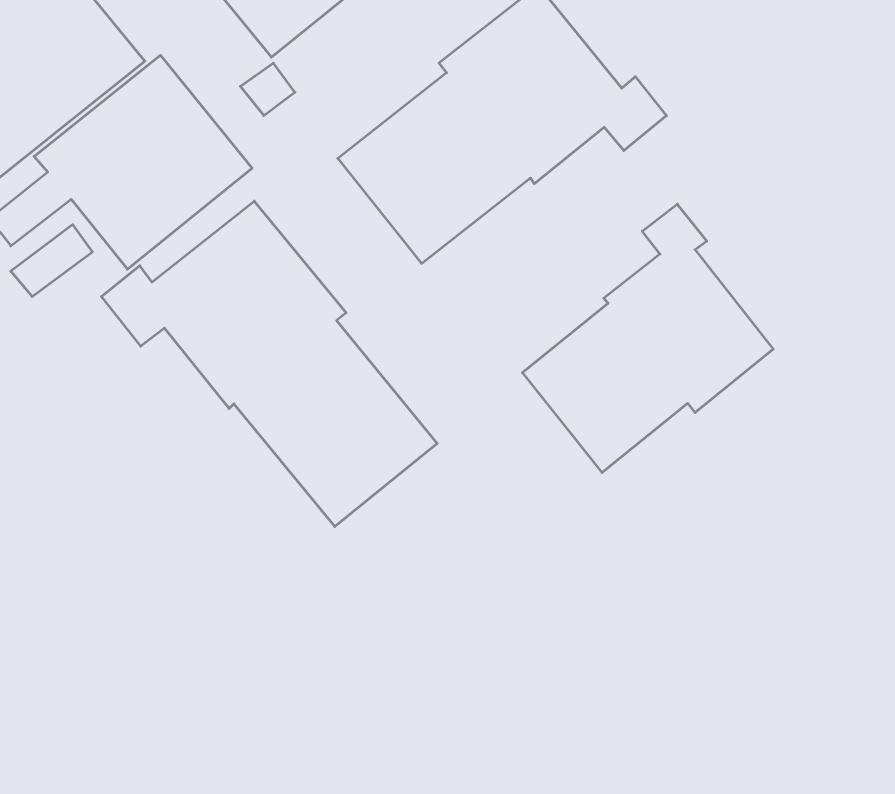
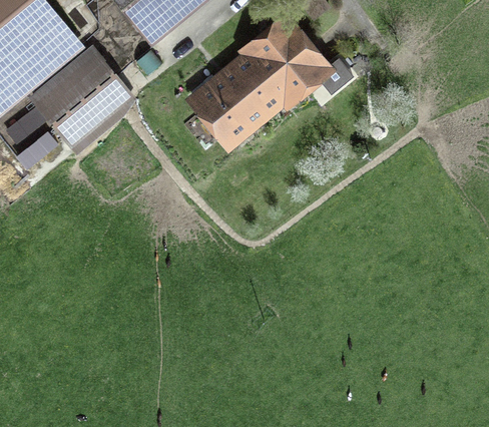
building: [101,201,437,527] -> none
building: [522,204,773,473] -> none

